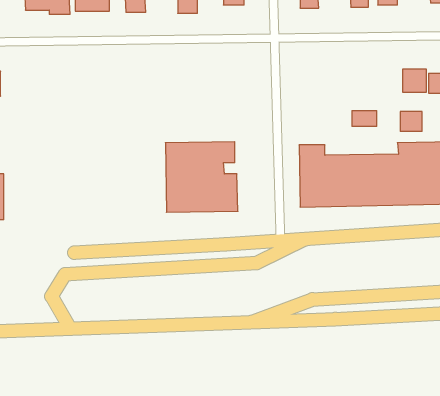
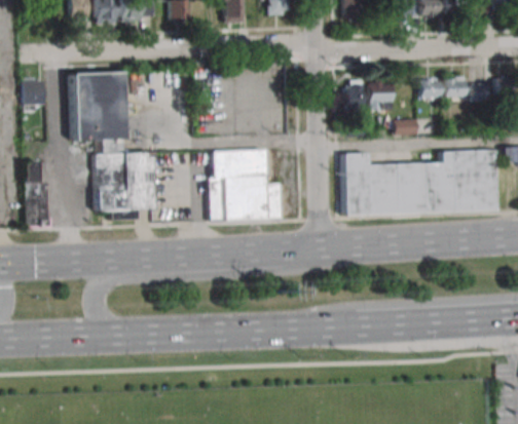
building: none -> [72,74,153,222]
building: none -> [344,82,364,111]
building: none -> [369,83,392,112]
building: [400,112,422,131] -> [419,80,441,100]

